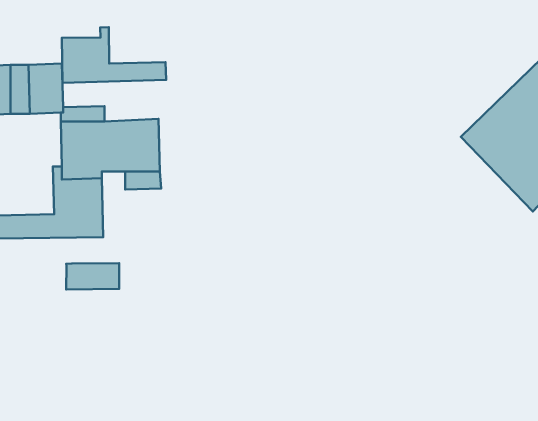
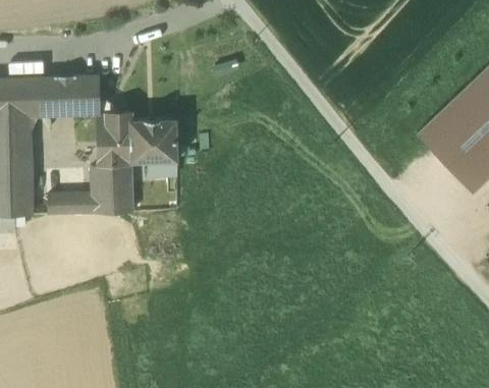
building: [62,27,166,83] -> none
building: [66,263,119,290] -> none

